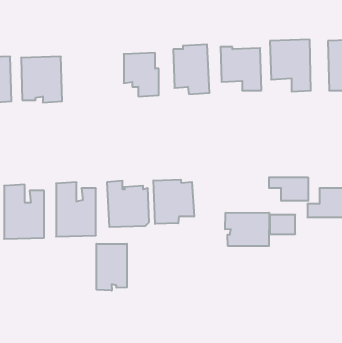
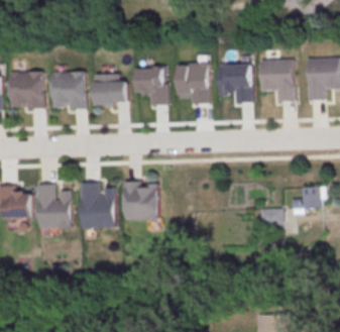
building: none -> [95,77,127,109]
building: [269,177,308,201] -> none
building: [153,180,194,224] -> none
building: [225,213,269,246] -> none
building: [96,244,127,291] -> none

